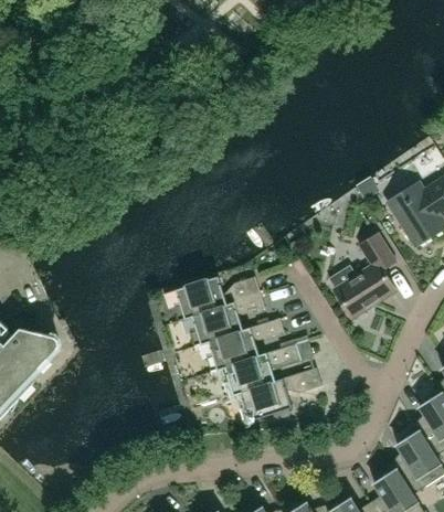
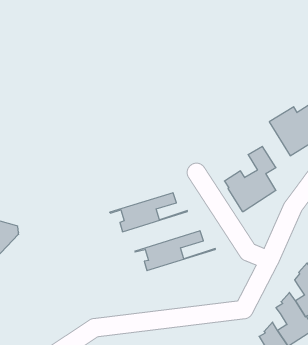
building: [176,277,262,320] -> none
building: [195,319,297,371] -> none
building: [228,369,323,422] -> none

